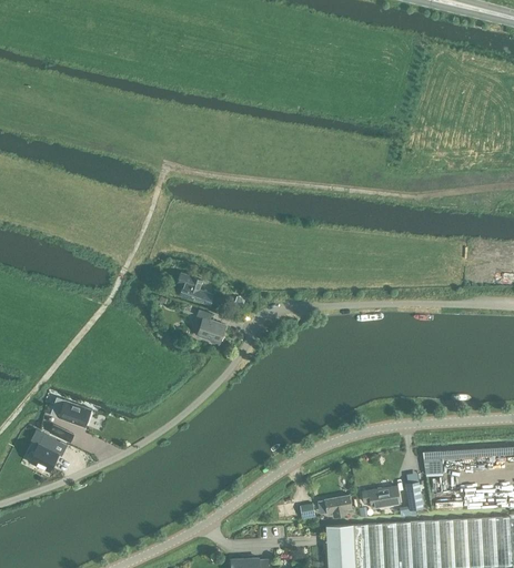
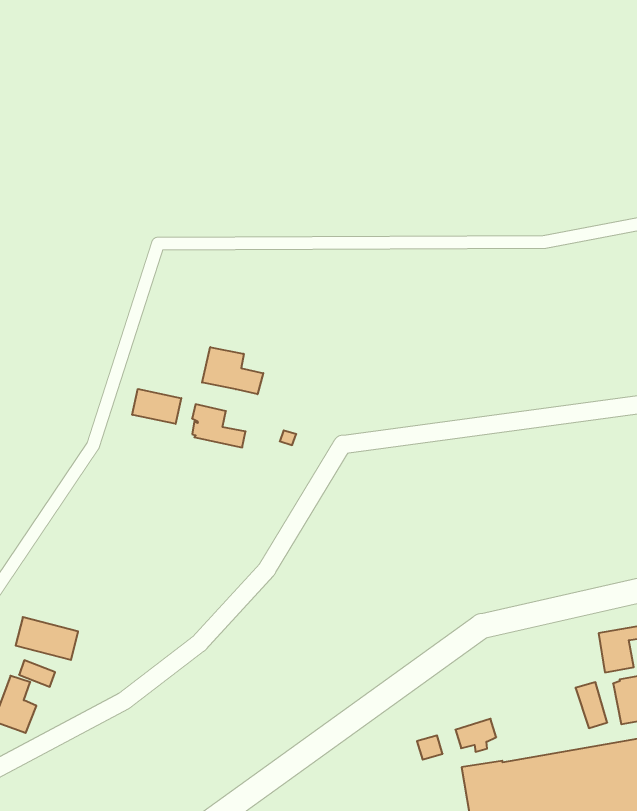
building: none -> [202,347,263,394]
building: none -> [132,389,181,424]
building: [198,310,225,344] -> none
building: [362,487,400,508] -> none

